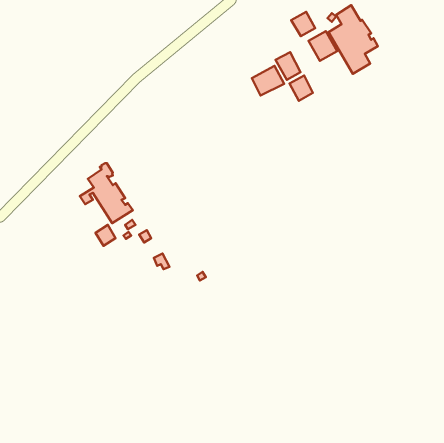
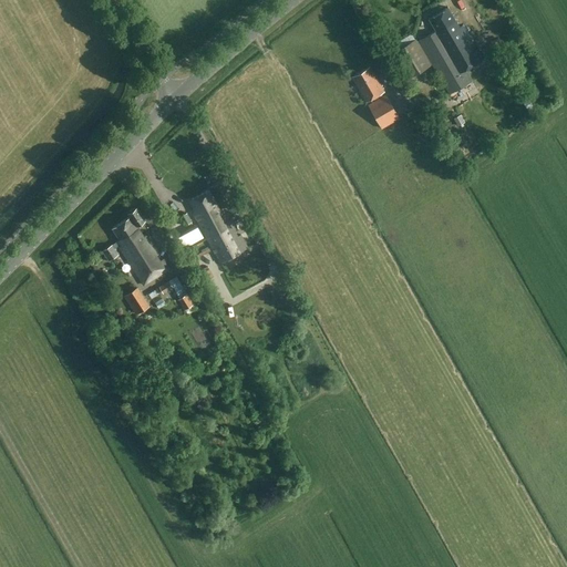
building: [291,12,315,36] -> none
building: [252,66,284,96] -> none
building: none -> [189,182,247,264]

